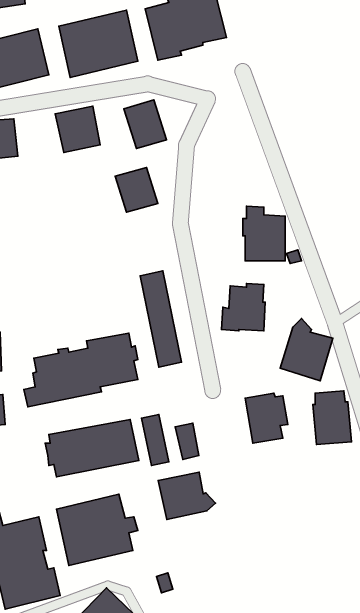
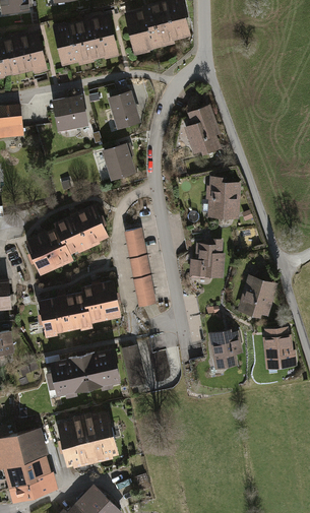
building: none -> [182,105,223,157]
building: none -> [26,202,109,273]
building: [158,472,216,519] -> none

